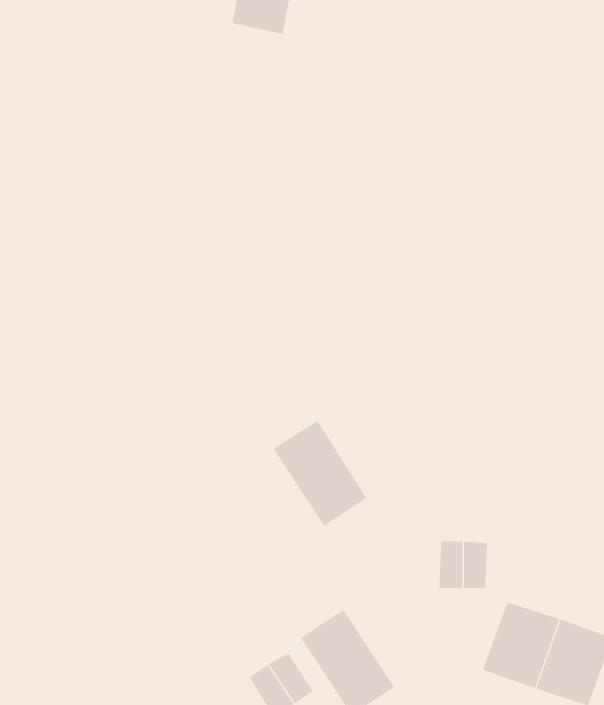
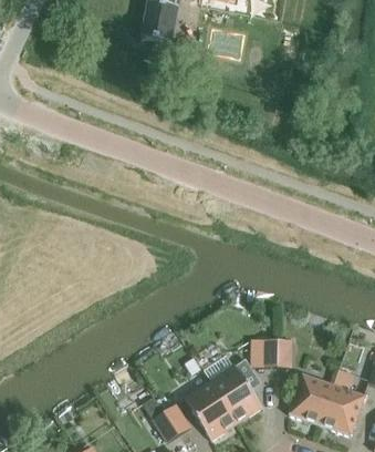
building: [272,420,367,526] -> [208,361,263,423]

